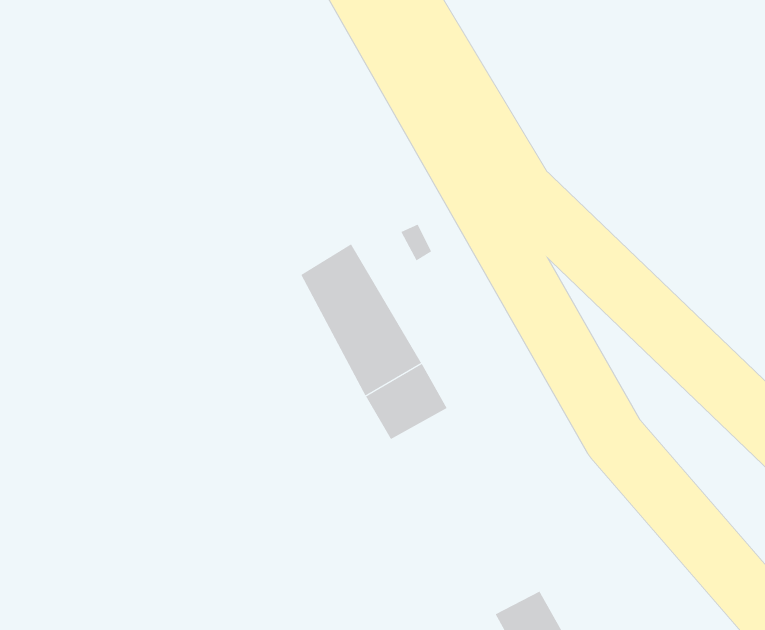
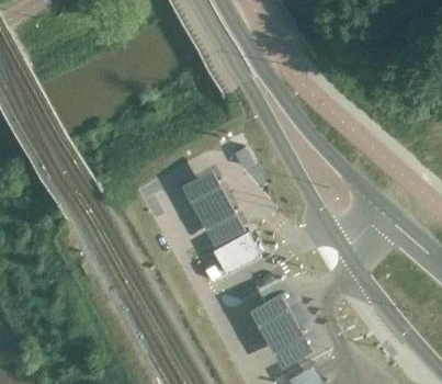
building: none -> [246,284,313,365]

